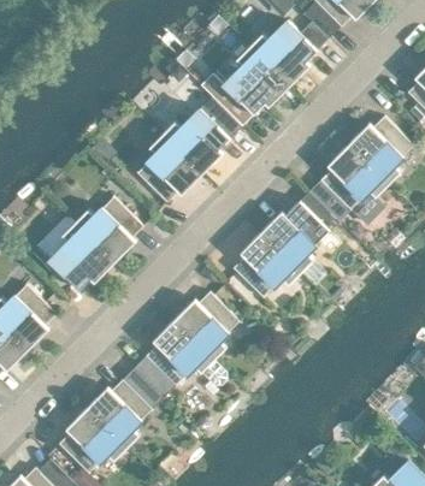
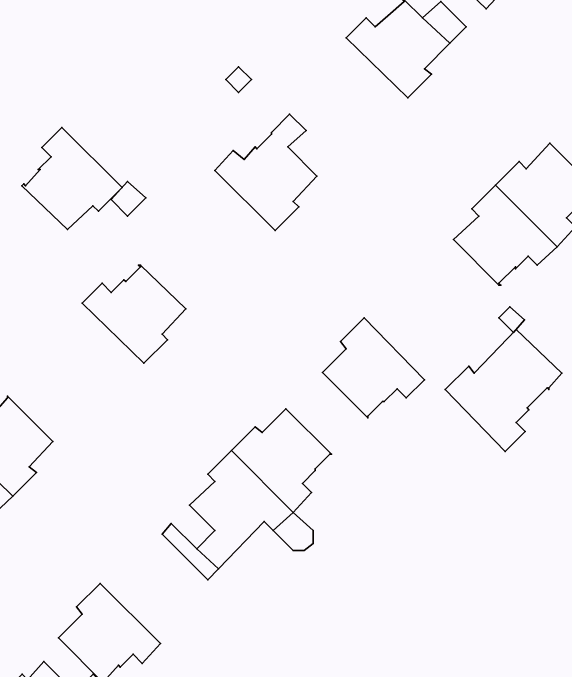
building: [212,45,290,124] -> none
building: [136,132,202,200] -> [22,128,122,229]
building: [261,190,338,271] -> [445,330,562,451]
building: [49,220,116,288] -> none
building: [87,378,153,445] -> none

